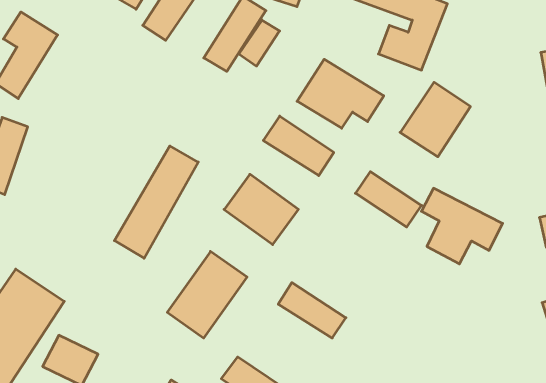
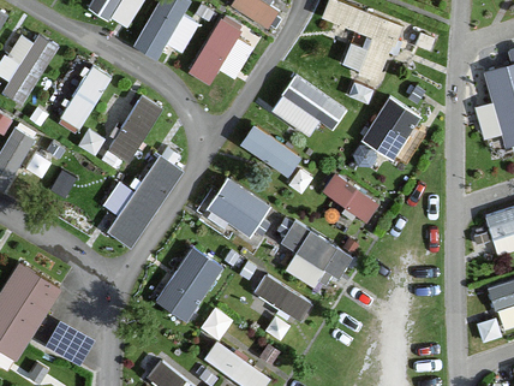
building: none -> [53,67,114,137]
building: none -> [106,94,163,162]
building: [421,188,503,264] -> [280,219,352,286]

